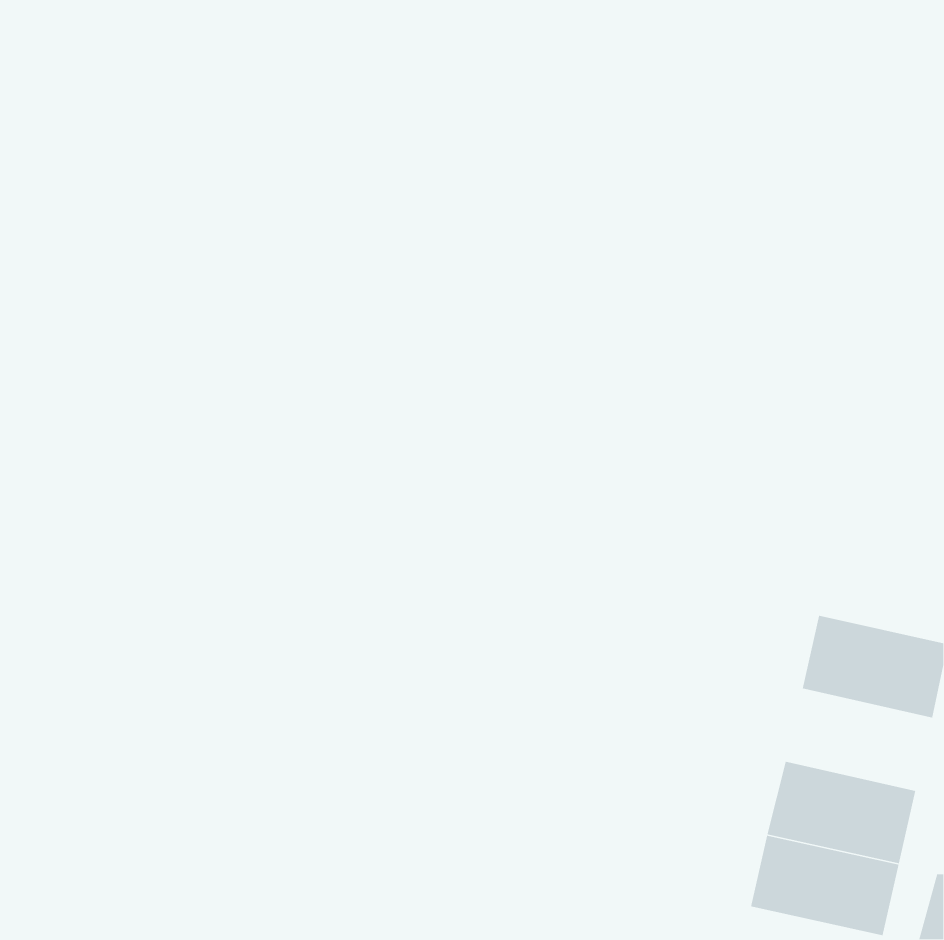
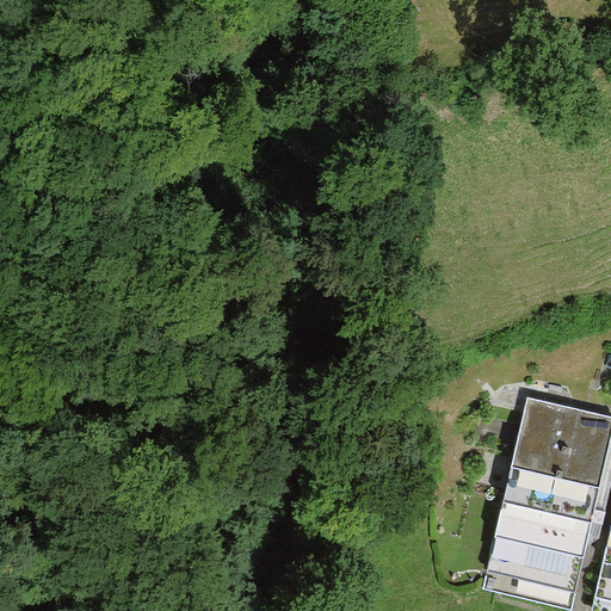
building: none -> [507,445,603,511]

